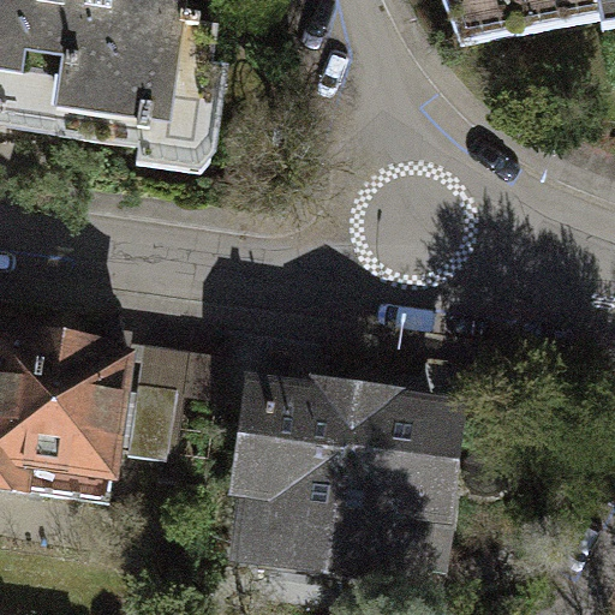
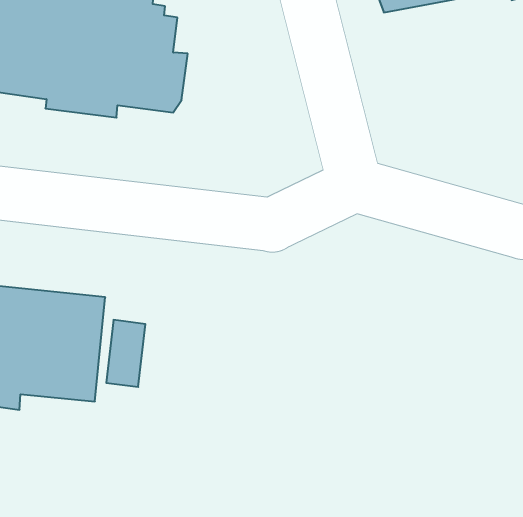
building: [249,375,442,551] -> none

